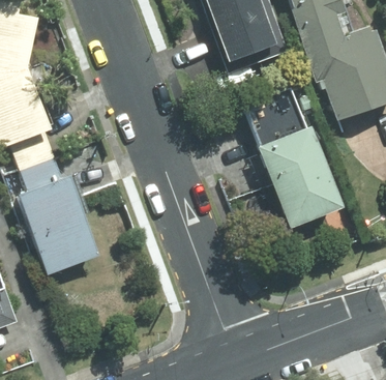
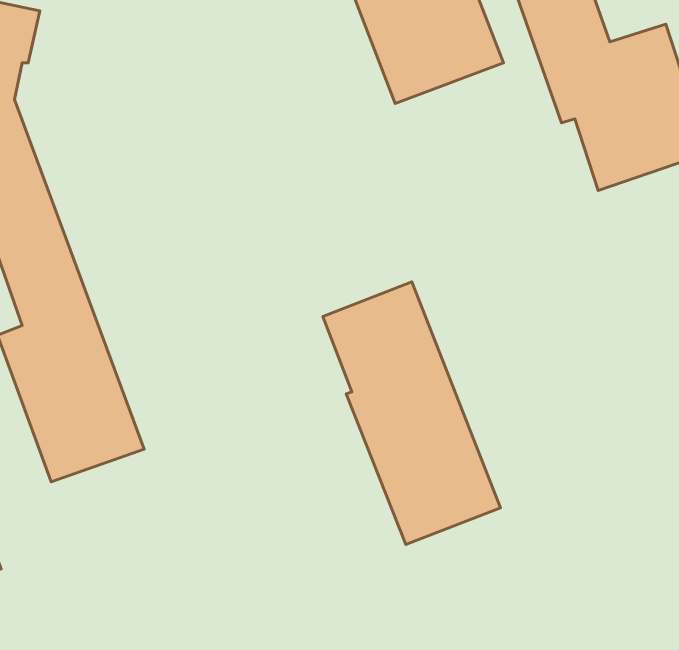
building: [243,87,338,228] -> [323,282,501,544]

